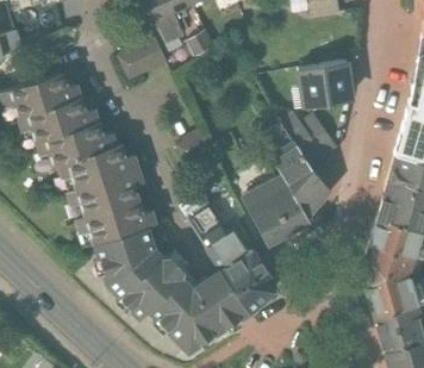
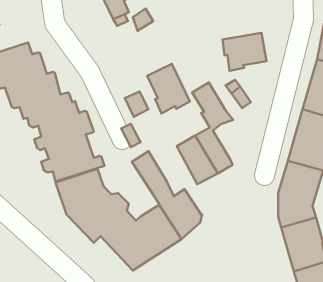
building: [118,39,166,79] -> none
building: none -> [147,64,190,113]
building: [286,167,329,216] -> none

